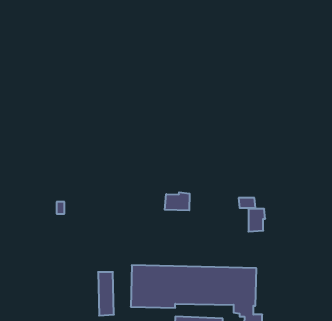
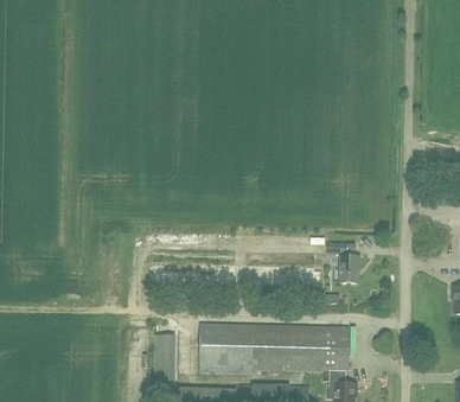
building: [165,192,190,210] -> none

